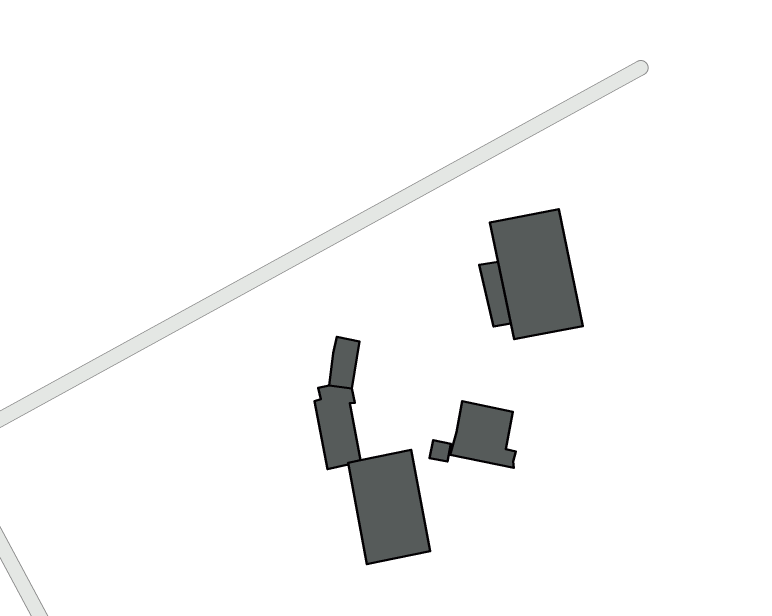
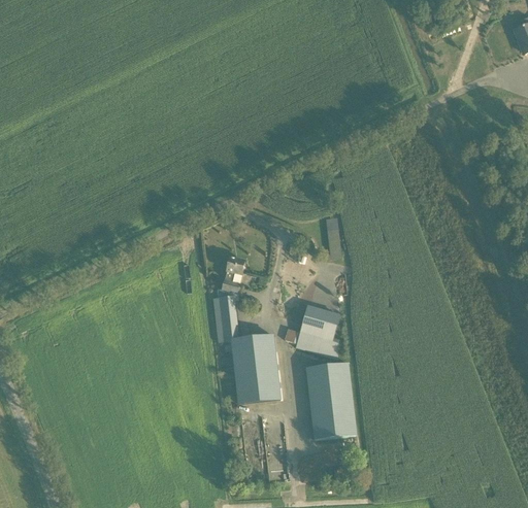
building: [490,209,583,339] -> none
building: none -> [305,363,356,439]

